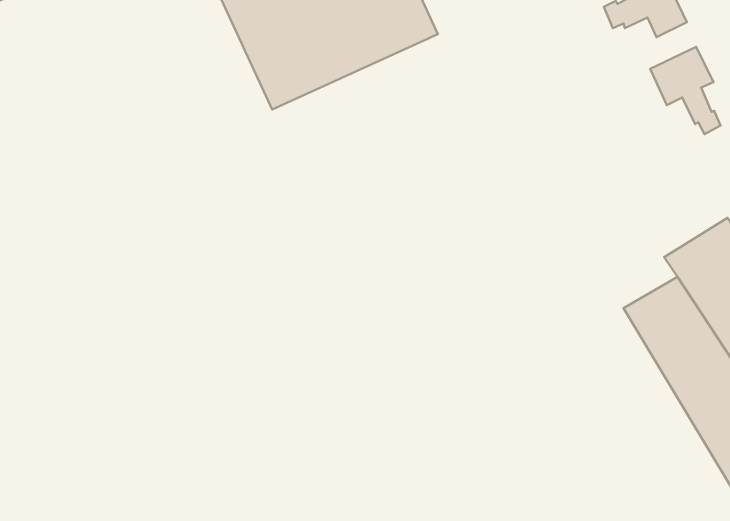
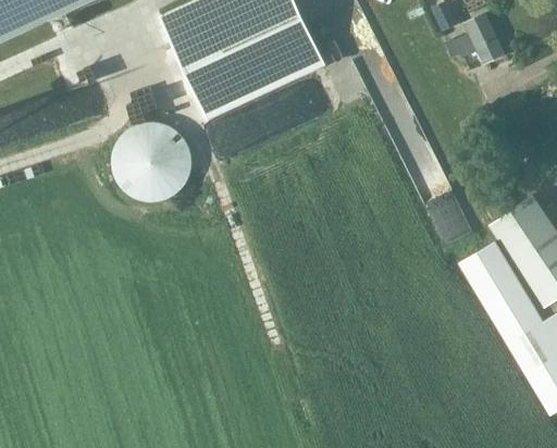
building: [650,47,721,134] -> none
building: none -> [112,122,191,201]

